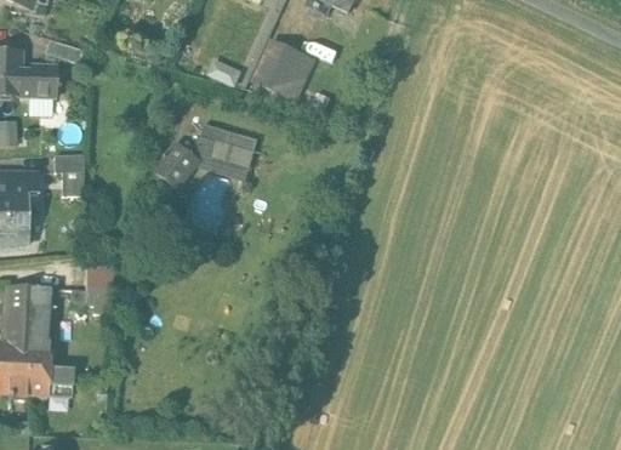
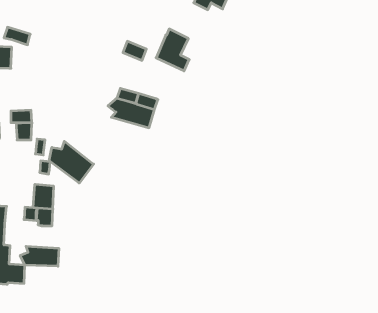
building: [159,142,198,184] -> none
building: none -> [49,141,94,183]
building: none -> [20,246,59,266]

